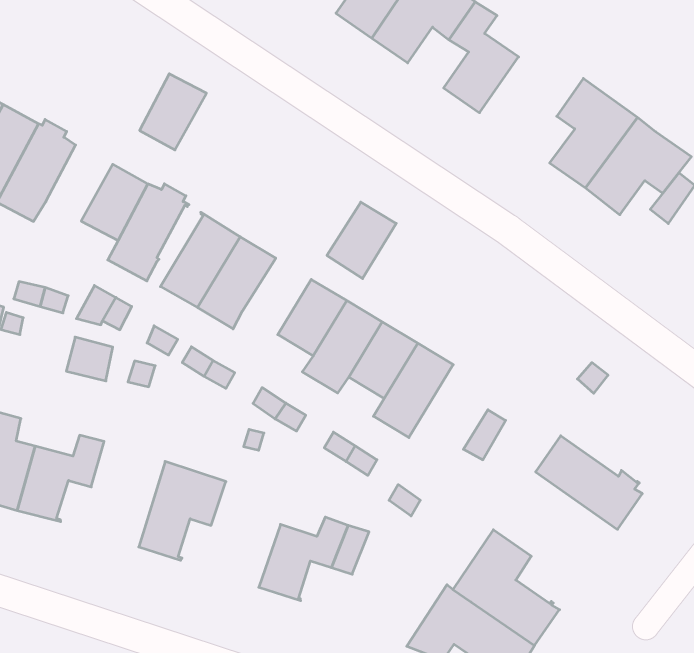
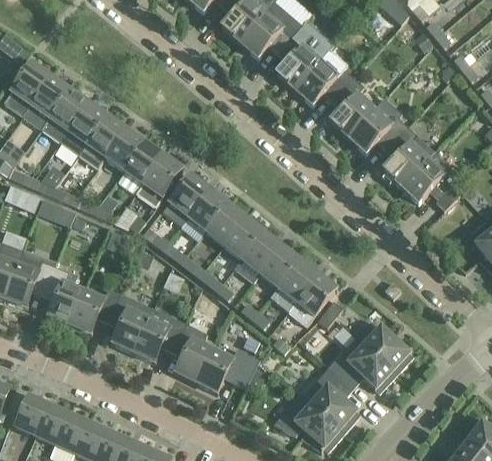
building: none -> [348,110,407,154]
building: [140,74,206,150] -> [105,129,144,171]
building: [327,202,396,279] -> [205,204,245,246]
building: none -> [288,274,337,326]
building: none -> [111,293,154,353]
building: none -> [328,338,396,393]
building: none -> [174,323,212,383]

